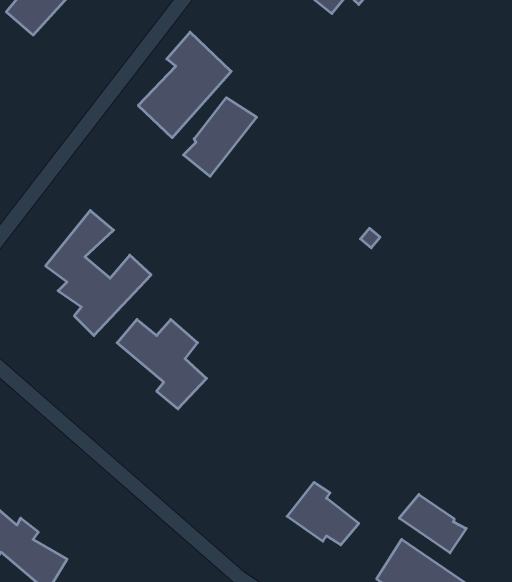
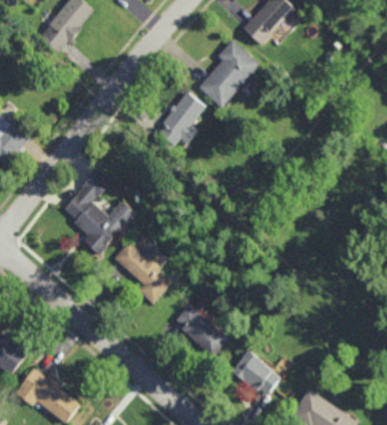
building: [138,32,231,138] -> [200,38,262,109]
building: none -> [171,305,223,358]
building: [399,494,466,553] -> none

